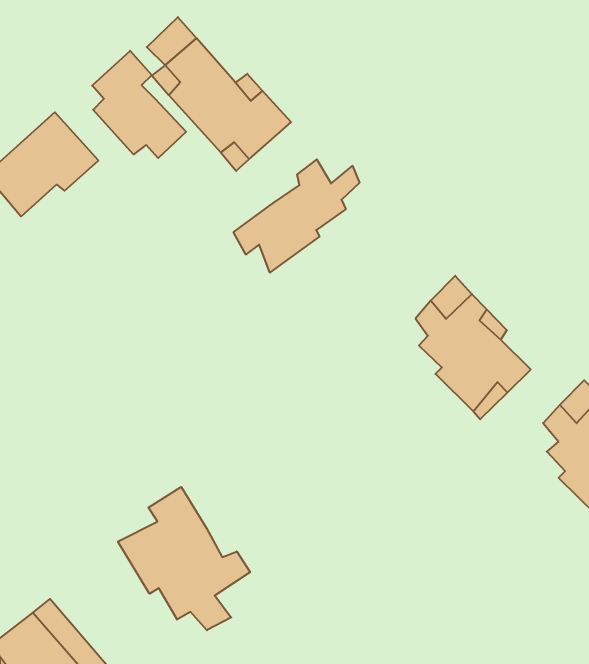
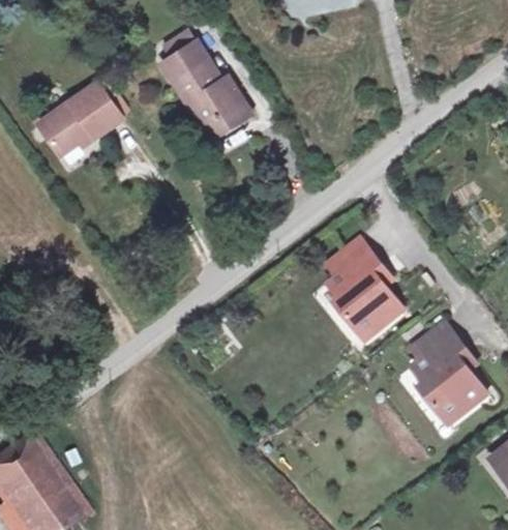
building: [92,51,186,158] -> none
building: [234,159,359,273] -> none
building: [118,487,250,630] -> none

